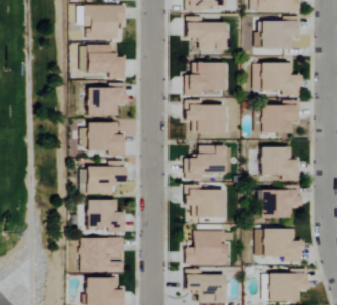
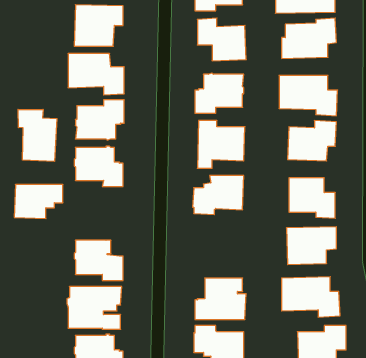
building: none -> [18,109,57,161]
building: [85,166,125,194] -> [14,185,63,219]
building: [185,185,225,218] -> none

